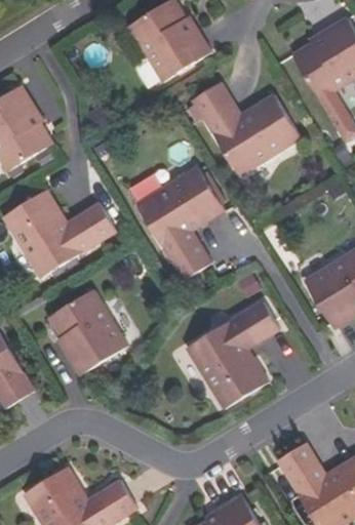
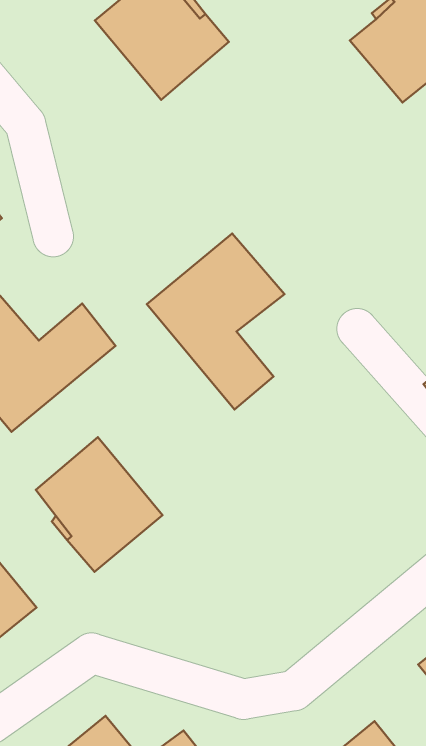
building: [193,83,300,175] -> none
building: [188,304,281,412] -> none

